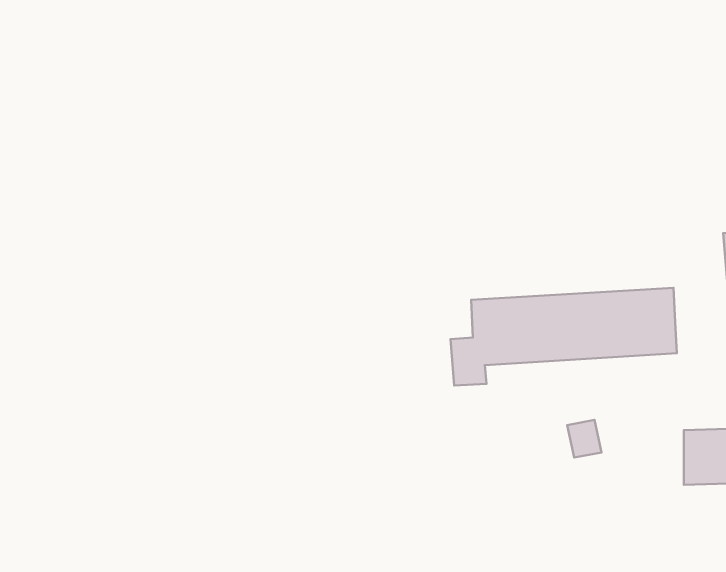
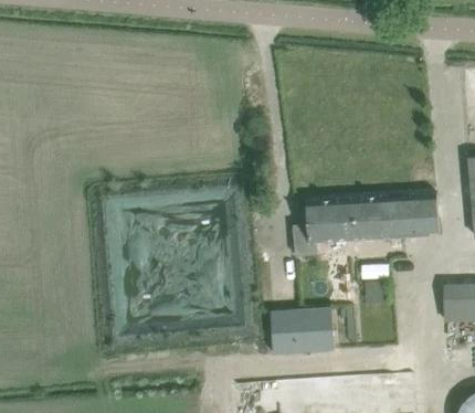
building: none -> [268,308,335,354]

